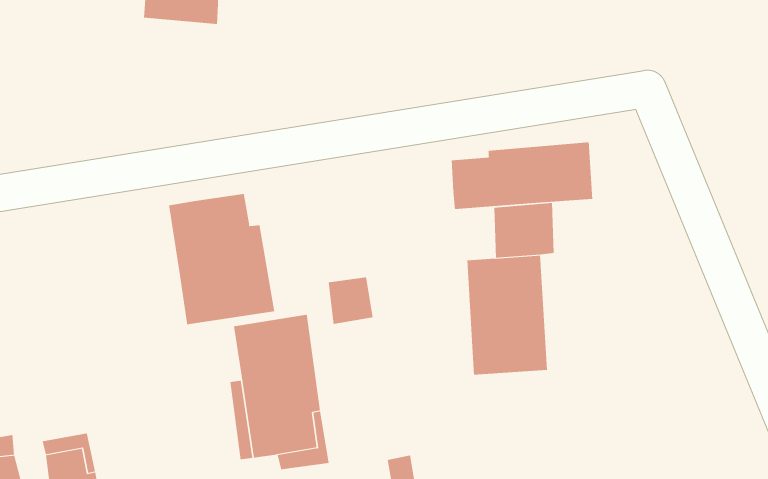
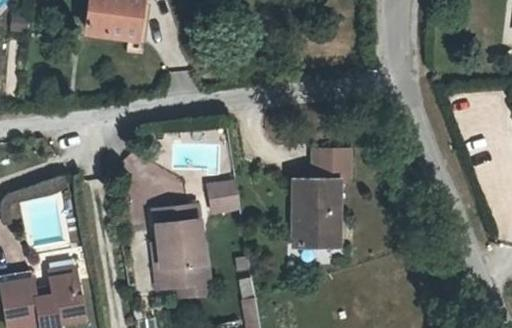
building: [451,142,593,210] -> none
building: [168,193,275,325] -> none

